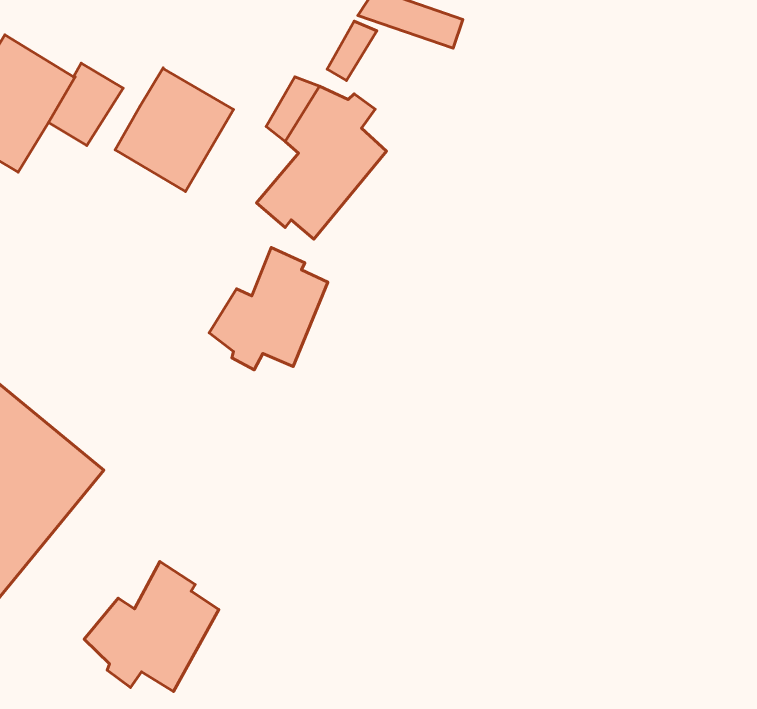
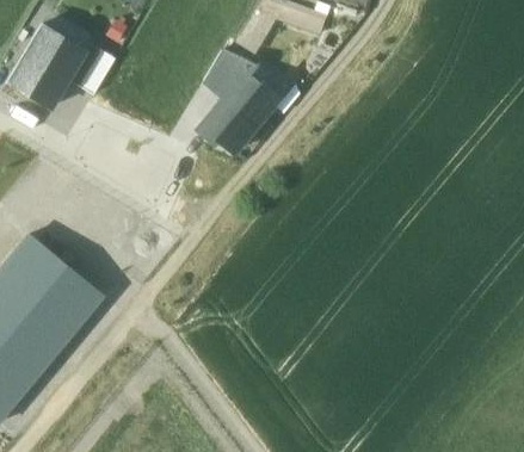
building: [115,68,234,191] -> none
building: [209,248,328,370] -> none
building: [84,561,219,692] -> none

